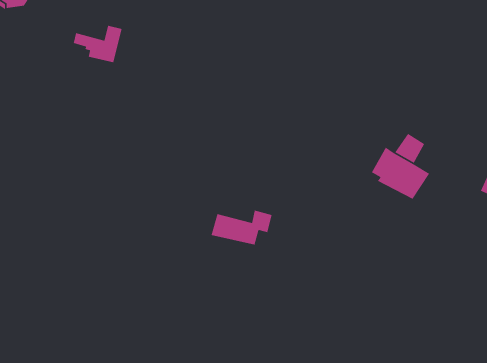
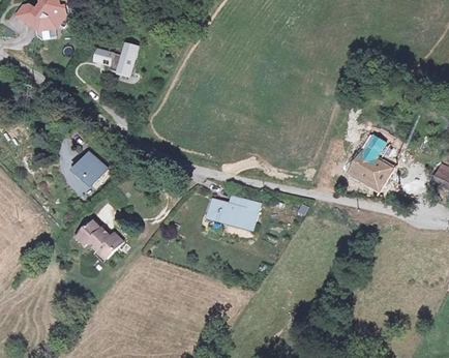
building: none -> [74,150,106,182]
building: none -> [76,219,125,261]

